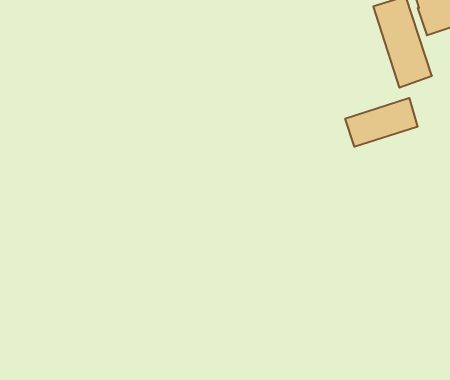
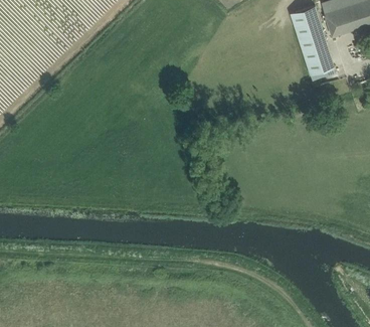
building: [345,98,418,147] -> none

